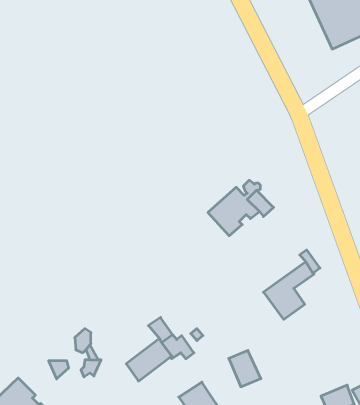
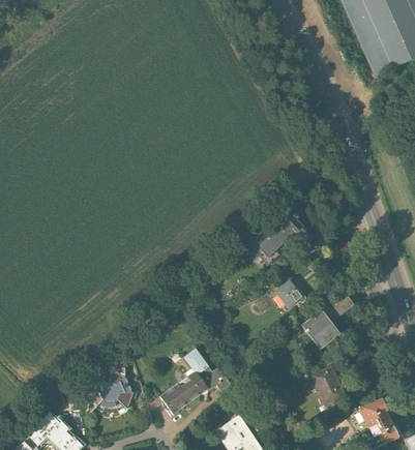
building: none -> [276,280,303,308]
building: [229,350,261,387] -> [313,366,346,403]
building: none -> [354,399,388,429]

